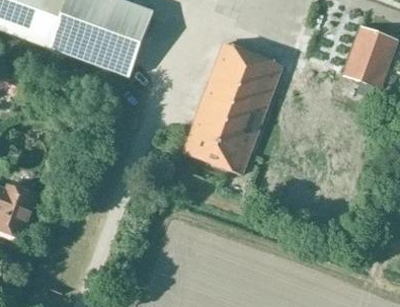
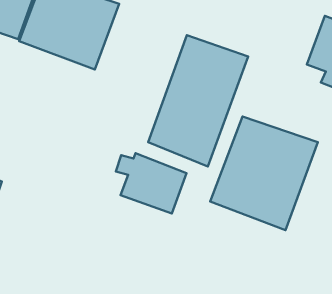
building: none -> [210,116,318,230]
building: none -> [116,153,187,214]

